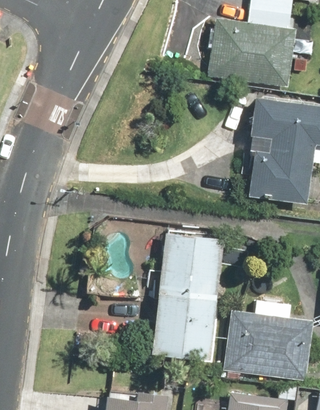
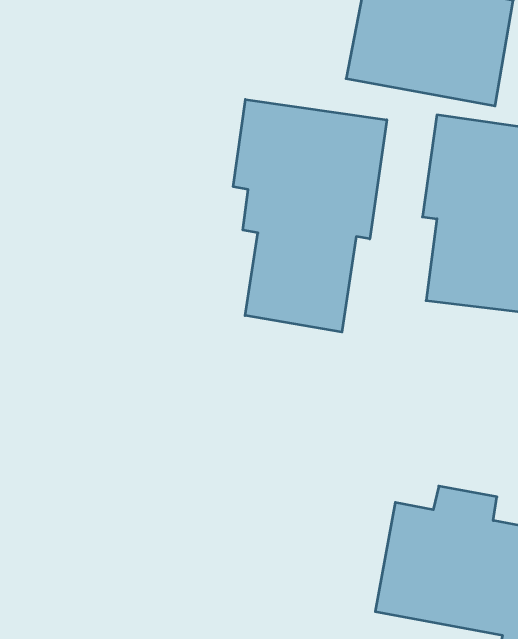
building: none -> [233,99,387,332]
building: [150,234,222,361] -> none

